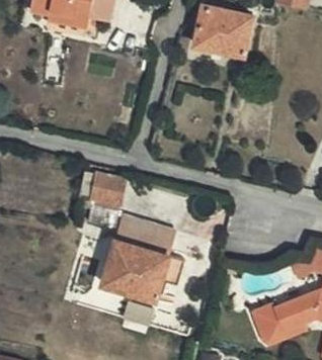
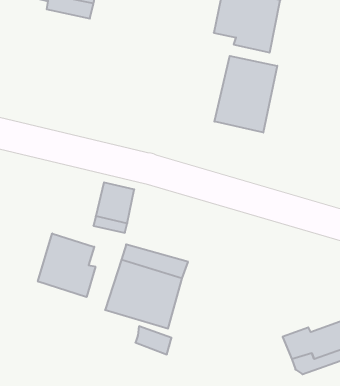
building: none -> [214,56,277,133]
building: none -> [38,233,95,297]

